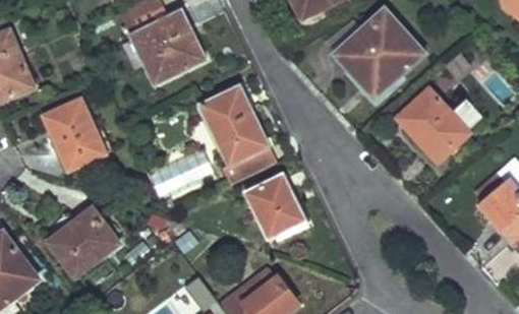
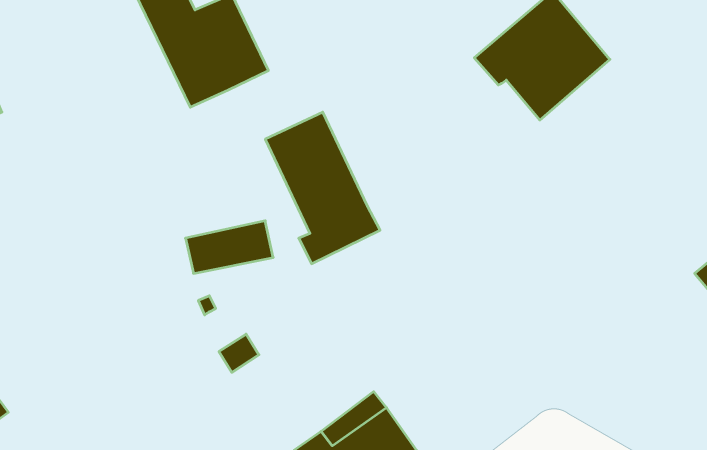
building: [403,89,469,165] -> none
building: [48,102,105,172] -> none
building: [244,176,304,240] -> none
building: [54,215,112,277] -> none

